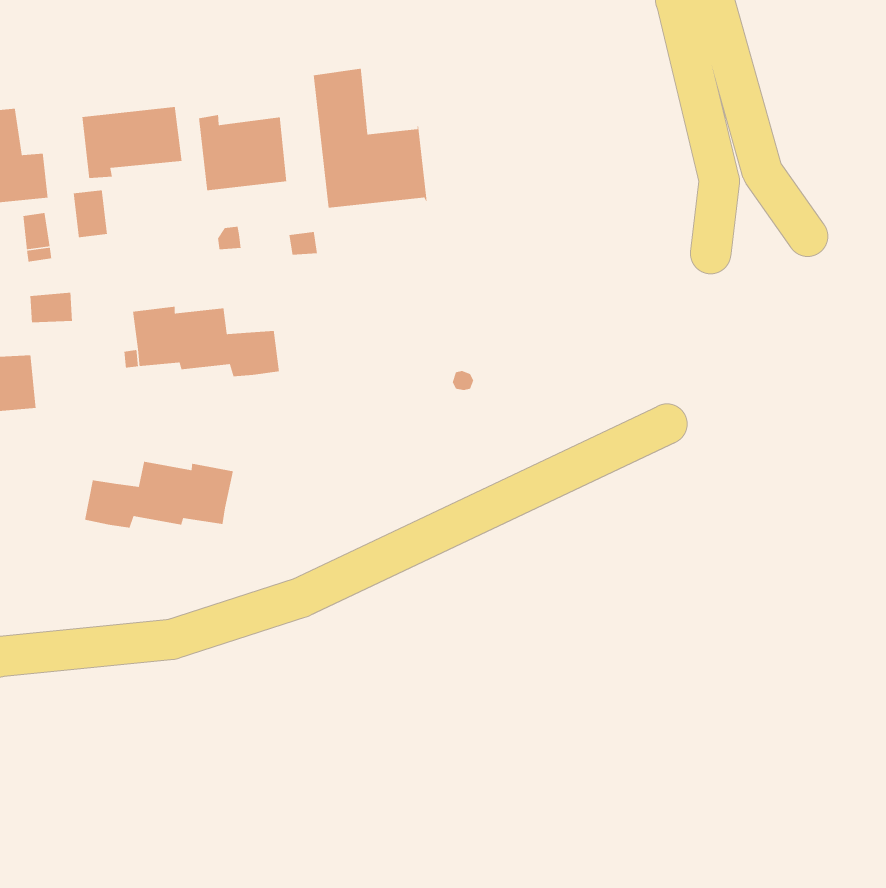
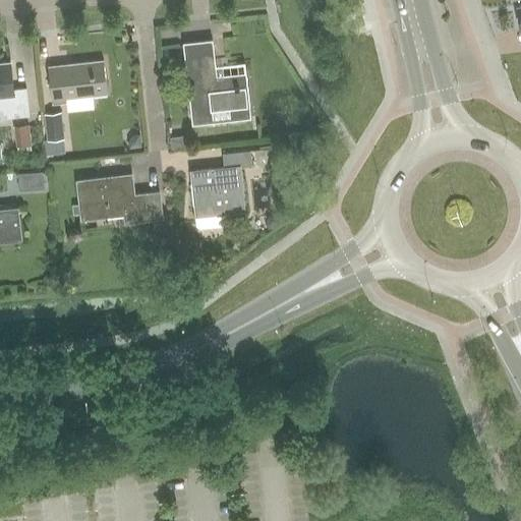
building: [198,114,287,191] -> none
building: none -> [190,151,253,229]
building: [84,461,234,529] -> none

